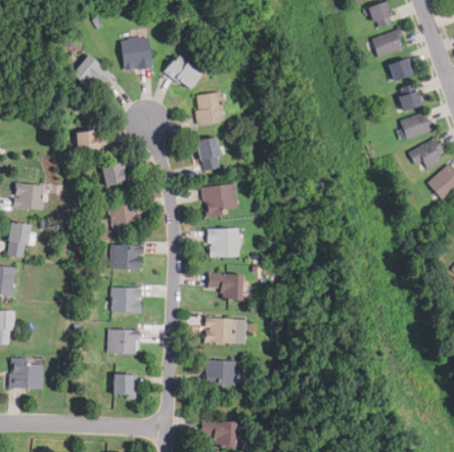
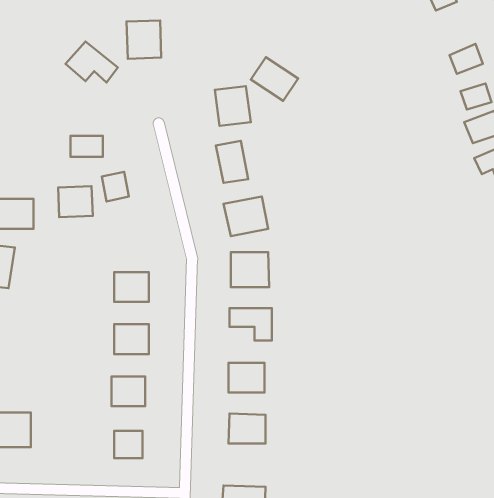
building: [371,28,405,57] -> none
building: [164,53,202,89] -> [251,57,298,101]
building: [110,201,139,227] -> [58,186,93,217]

